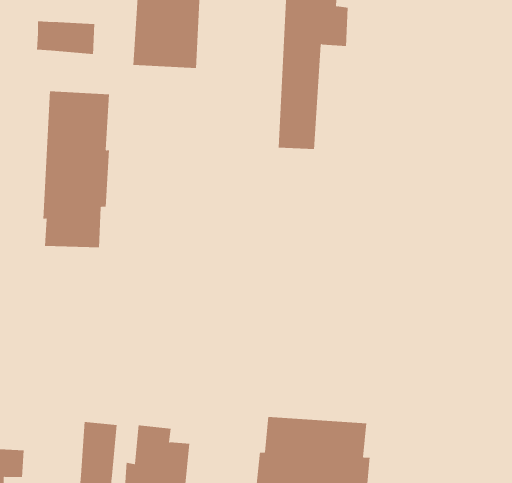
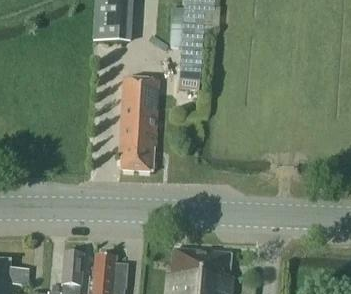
building: [36,20,95,55] -> none
building: [42,91,110,248] -> [119,77,159,170]

